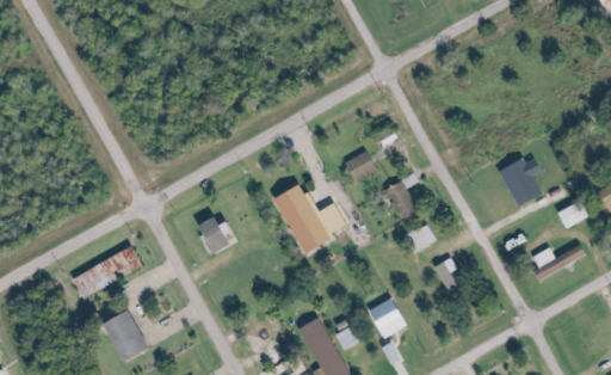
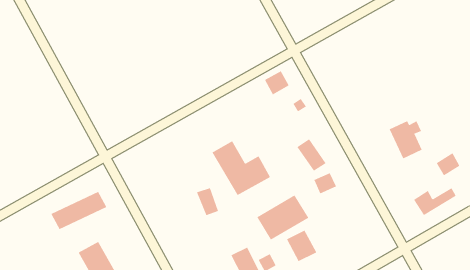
building: [342,149,375,180] -> [264,71,289,95]
building: [200,216,229,252] -> [196,188,219,216]
building: none -> [257,194,309,240]
building: [434,258,459,297] -> none

